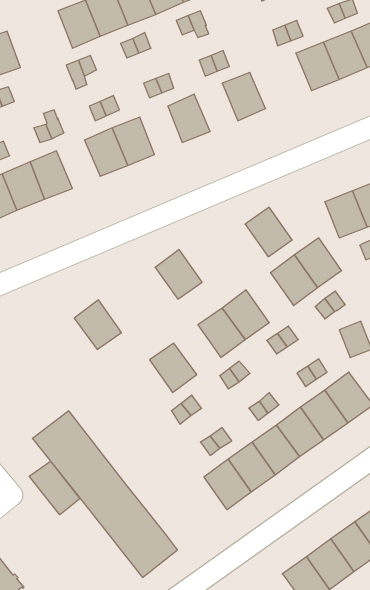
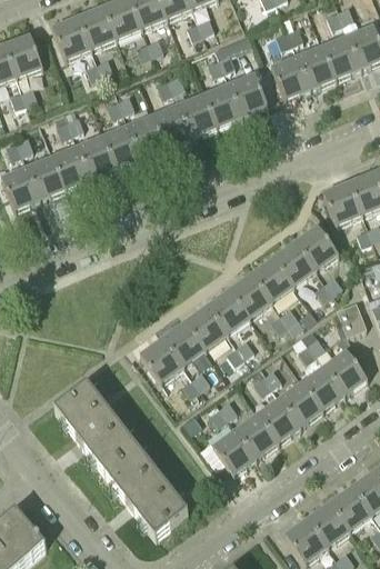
building: none -> [52,16,91,60]
building: none -> [271,54,311,99]
building: none -> [203,82,243,127]
building: none -> [153,103,192,148]
building: none -> [77,134,117,179]
building: [245,207,292,257] -> [251,257,294,302]
building: [155,250,202,299] -> [184,305,228,350]
building: [74,300,121,350] -> [140,337,183,382]
building: [29,461,80,515] -> none

